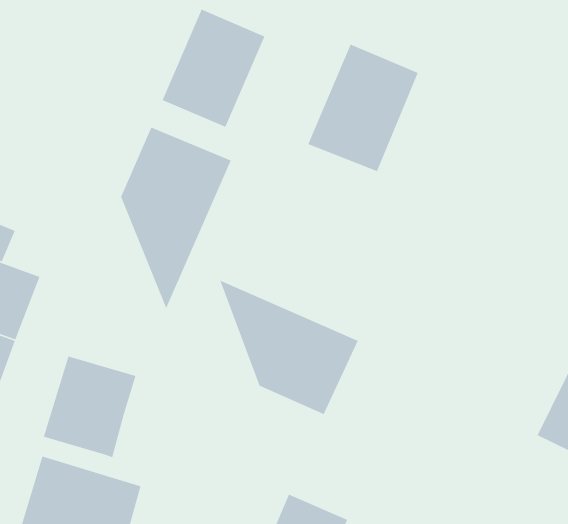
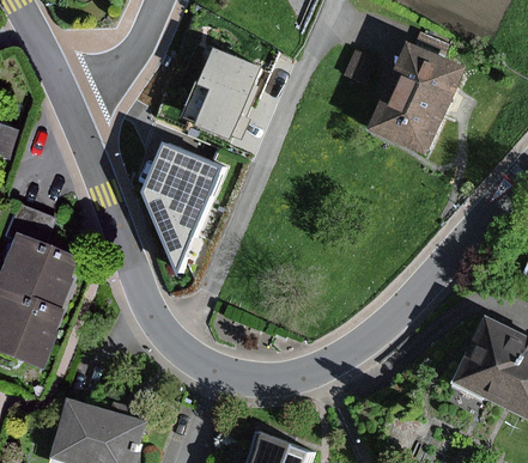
building: [307,44,419,172] -> [377,50,465,151]
building: [219,279,359,415] -> none
building: [43,356,137,458] -> none

